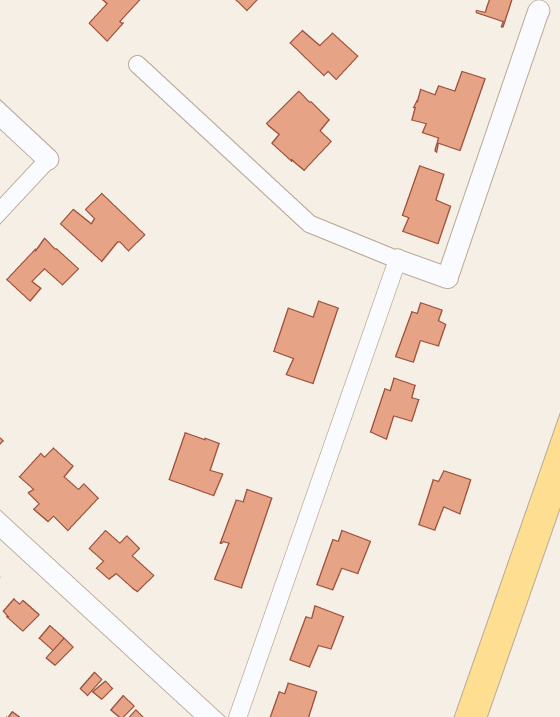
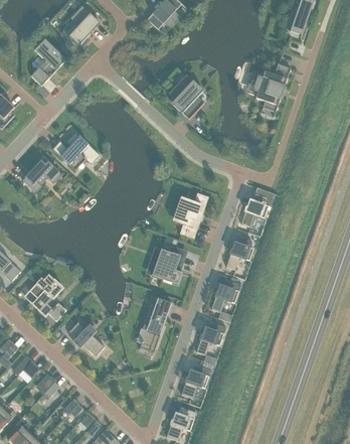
building: [290,30,358,79] -> none
building: none -> [31,40,64,85]
building: [403,166,450,244] -> none
building: [169,433,223,496] -> [152,249,182,284]
building: [419,471,471,530] -> [211,278,240,311]

